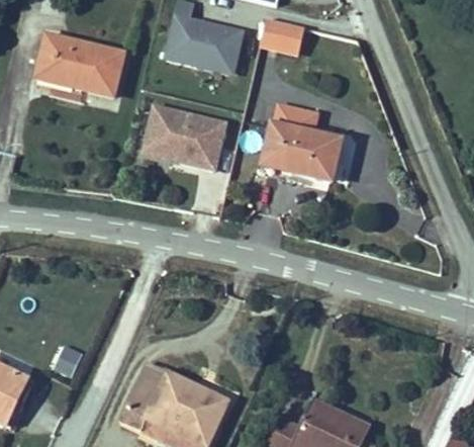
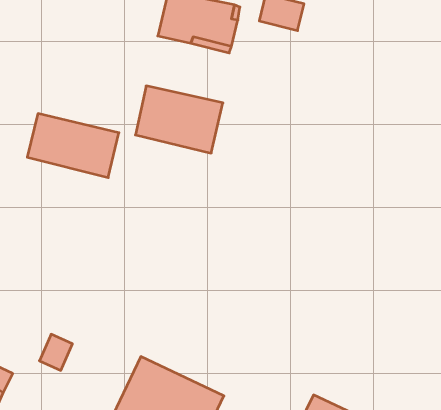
building: [36,35,123,96] -> [27,114,119,178]
building: [262,104,340,181] -> none

